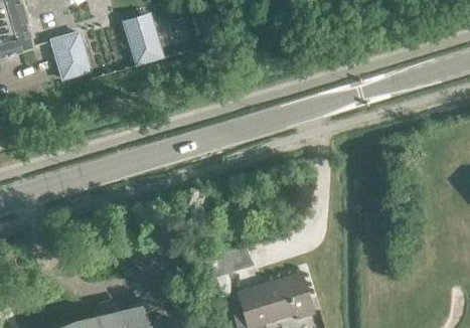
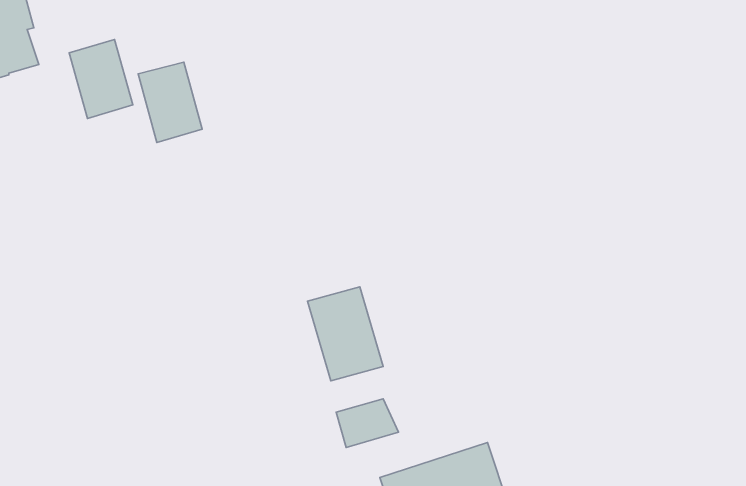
building: [125,17,163,65] -> [138,62,202,143]
building: none -> [308,287,383,381]

